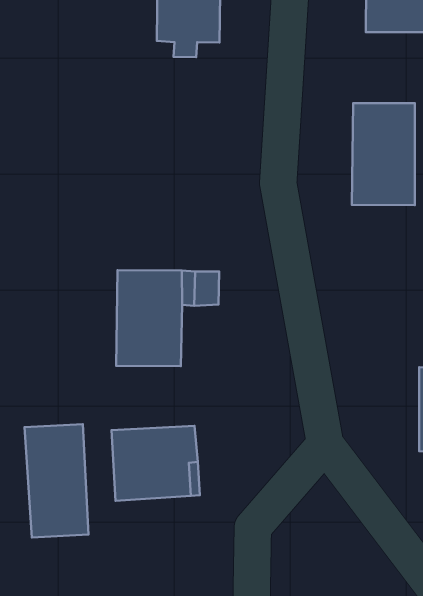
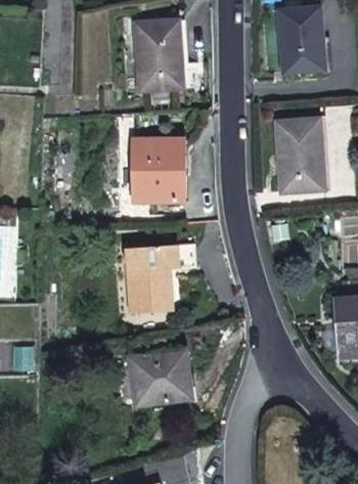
building: none -> [135,139,183,201]
building: [25,424,89,537] -> none

